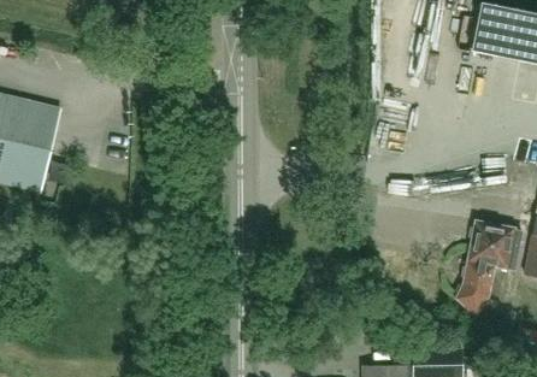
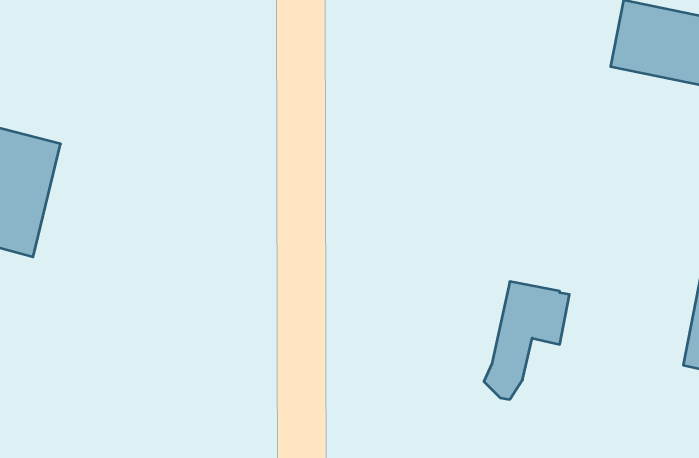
building: [458,223,521,311] -> [484,282,569,399]

